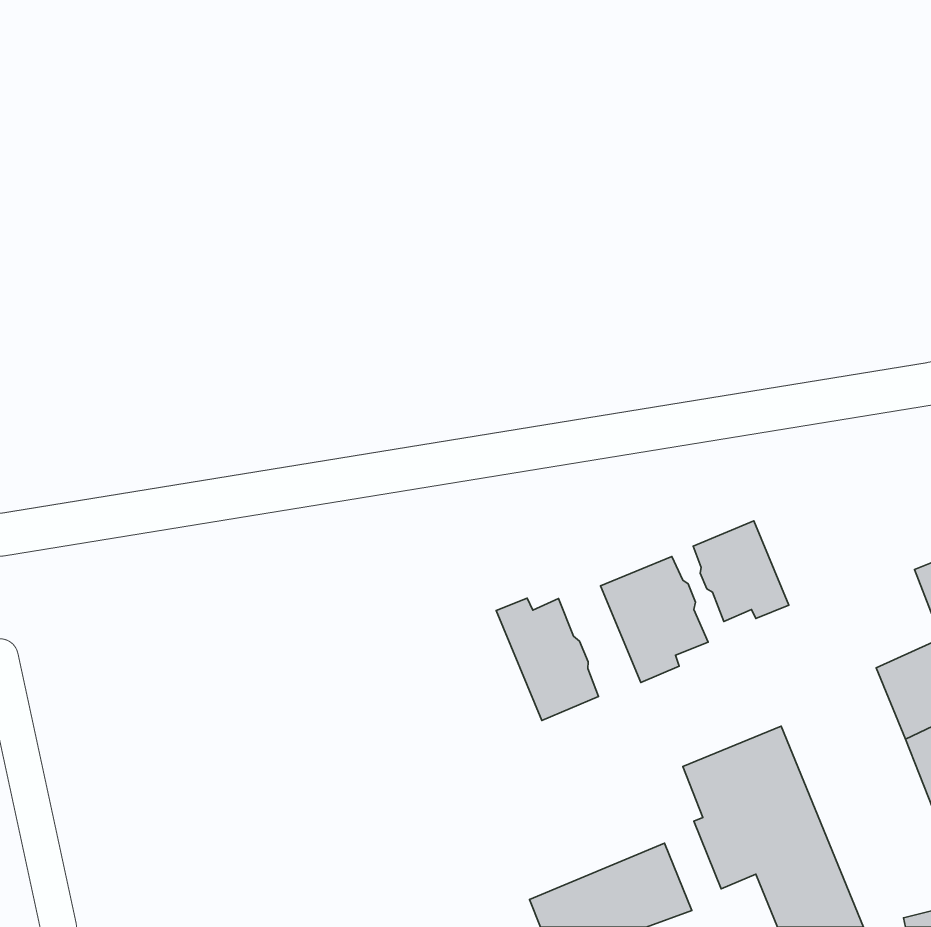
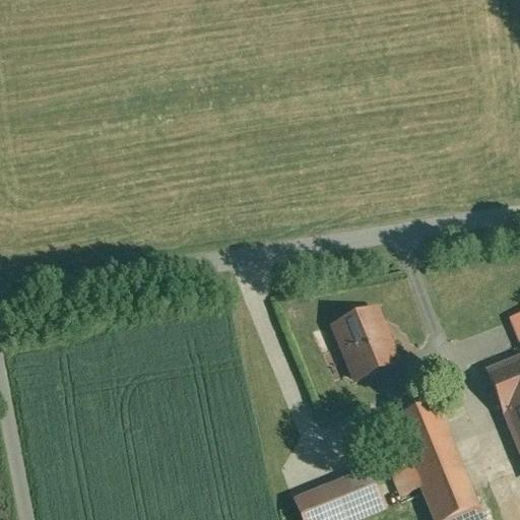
building: [693,521,789,622] -> none
building: [496,598,599,720] -> none

